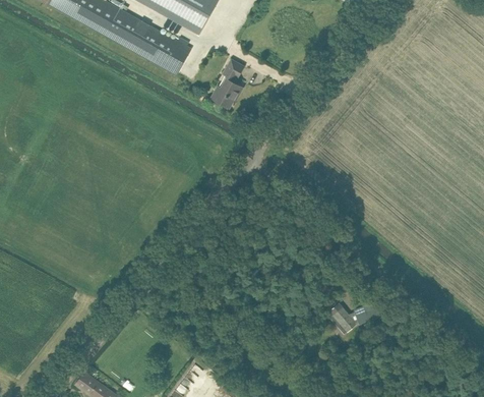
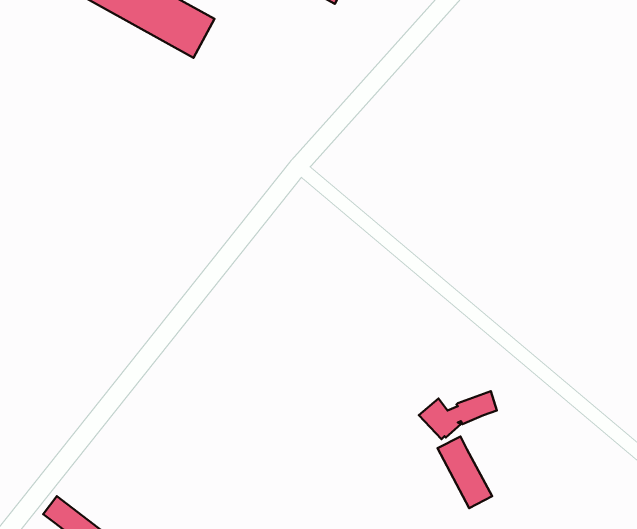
building: [211,59,244,108] -> none
building: none -> [438,436,492,508]

